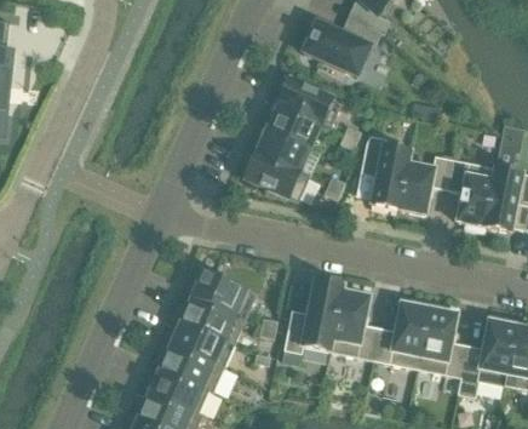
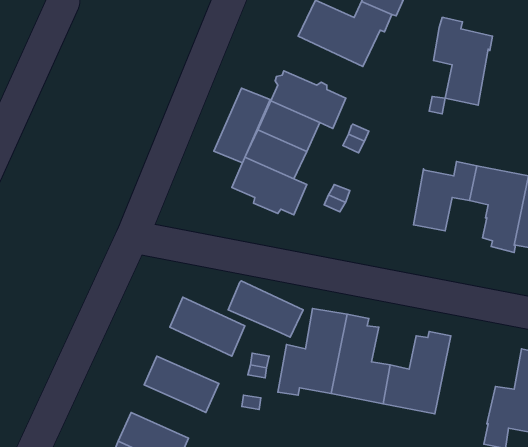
building: none -> [214,88,270,163]
building: [360,136,409,210] -> [434,17,493,105]
building: [182,296,245,343] -> [228,281,303,337]
building: [415,303,466,377] -> none
building: [160,344,223,391] -> none

